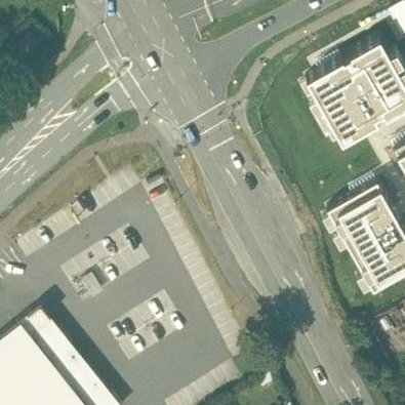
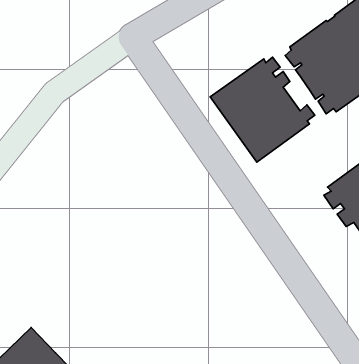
building: none -> [210,57,315,162]

